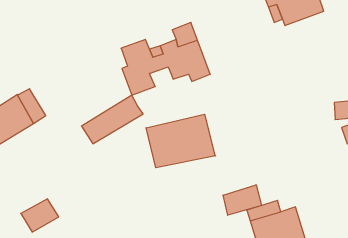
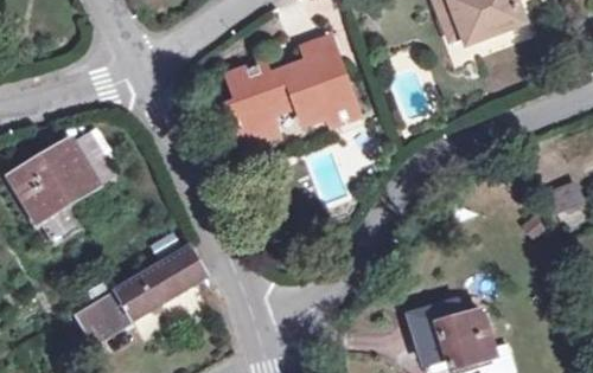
building: [81,95,143,144] -> [116,249,206,320]
building: [146,114,216,168] -> none
building: [223,185,262,215] -> none

